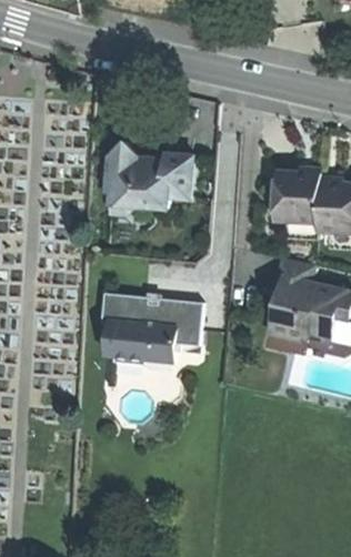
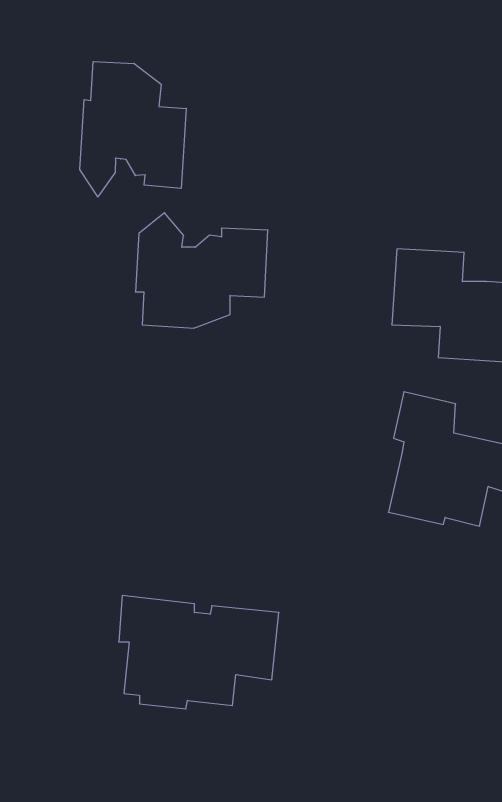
building: none -> [80,62,186,197]
building: [99,291,202,364] -> [119,595,279,709]

